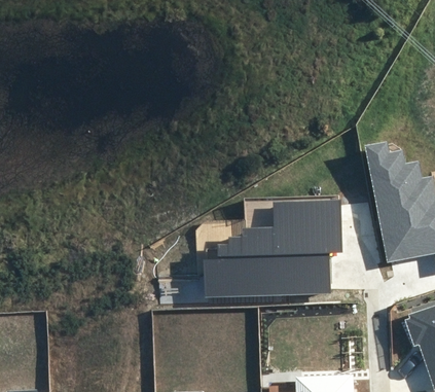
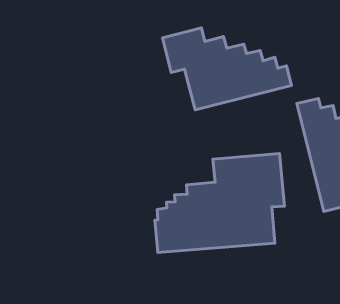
building: none -> [162,28,292,110]

